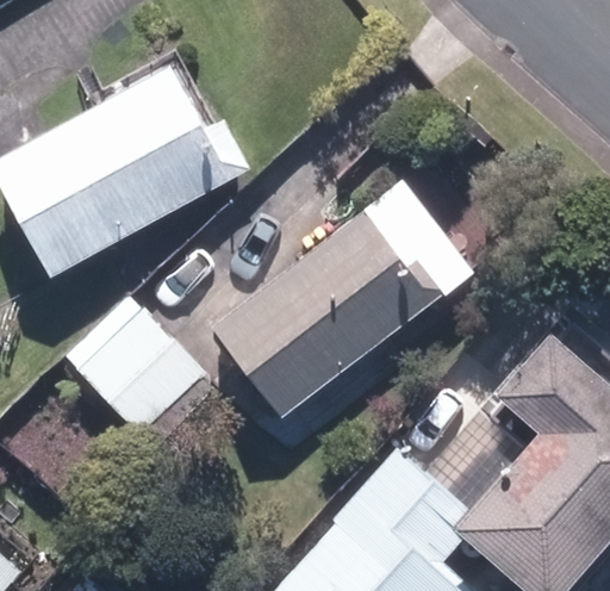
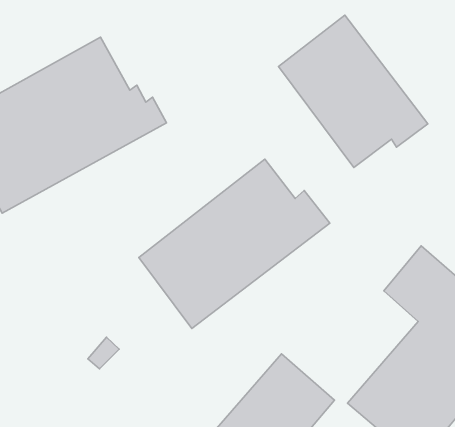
building: none -> [279,15,428,168]
building: [67,298,205,437] -> none

